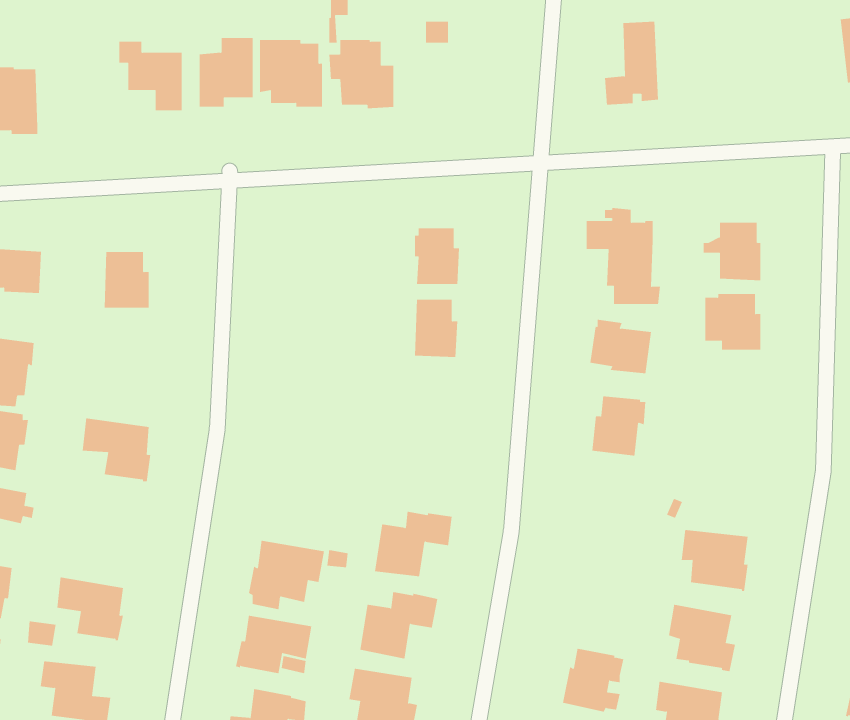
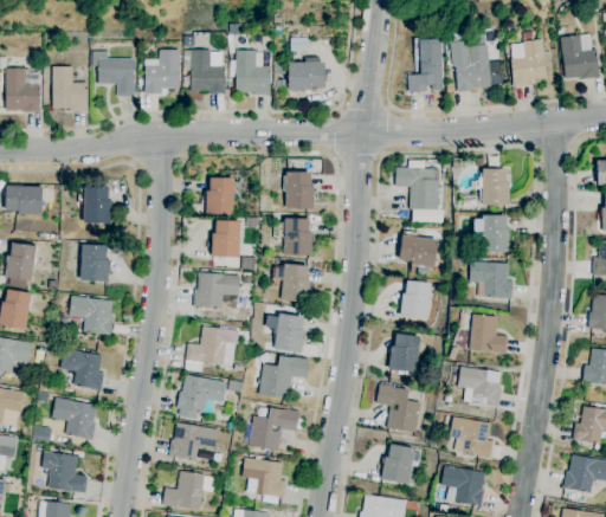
building: none -> [510,30,547,86]
building: none -> [450,40,491,91]
building: none -> [276,56,325,90]
building: none -> [52,66,86,110]
building: none -> [206,177,233,213]
building: none -> [211,220,244,257]
building: none -> [80,243,109,282]
building: none -> [469,261,512,297]
building: none -> [275,264,310,304]
building: none -> [193,272,240,309]
building: none -> [266,314,304,353]
building: none -> [463,314,508,354]
building: none -> [185,325,237,364]
building: none -> [388,332,420,373]
building: none -> [59,348,104,390]
building: none -> [375,381,420,432]

